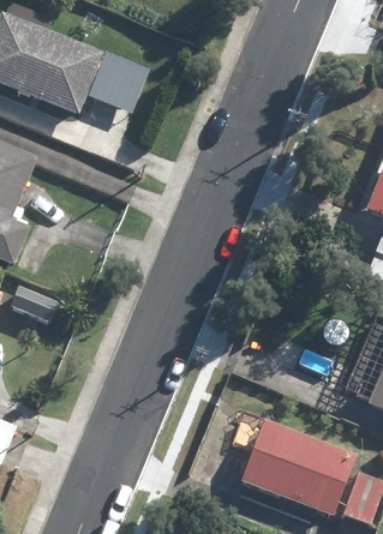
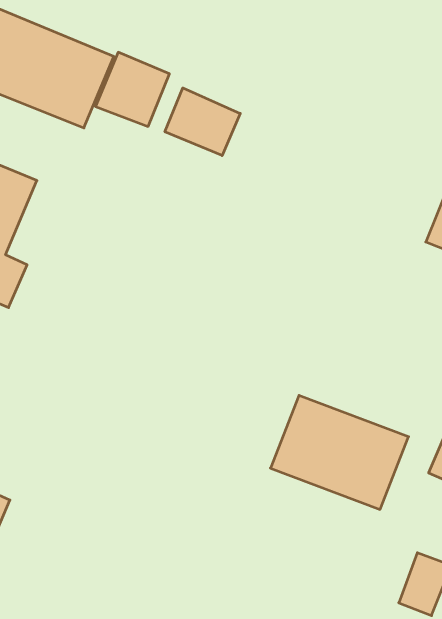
building: none -> [165,88,240,156]
building: [240,419,357,515] -> [270,395,409,509]

